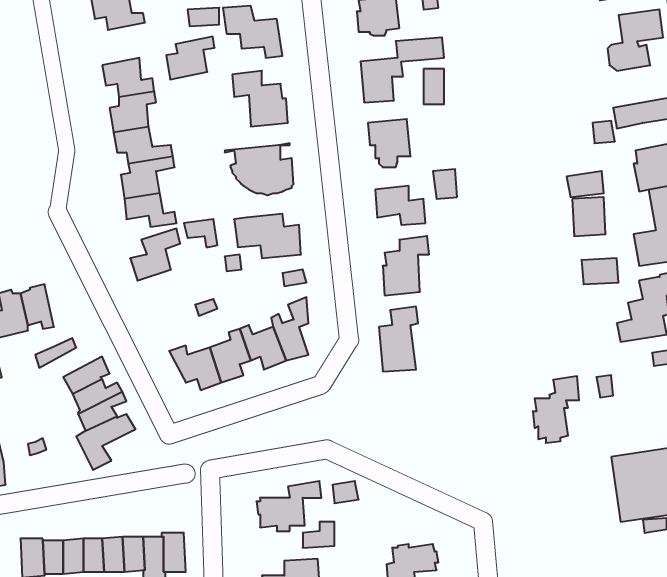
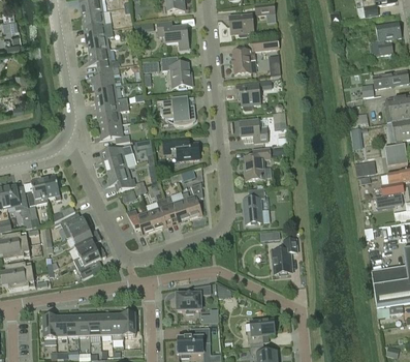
building: [166,37,215,79] -> [86,29,113,53]
building: none -> [107,167,136,190]
building: [533,376,579,443] -> [271,238,296,275]

